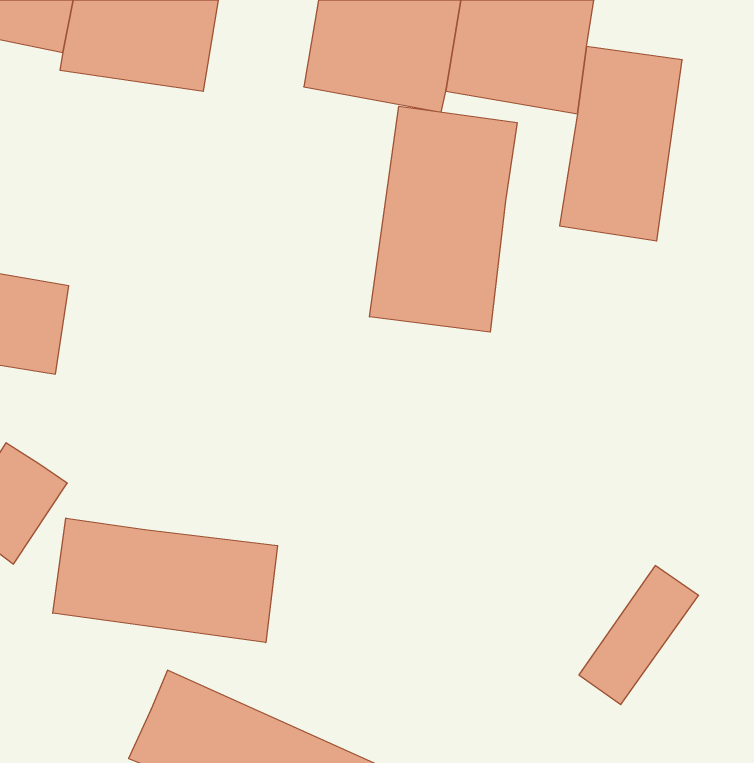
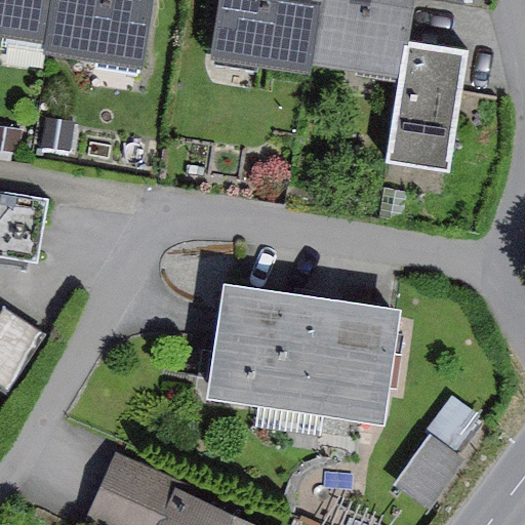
building: [370,106,517,332] -> none
building: none -> [204,283,399,426]
building: [53,518,278,643] -> none

